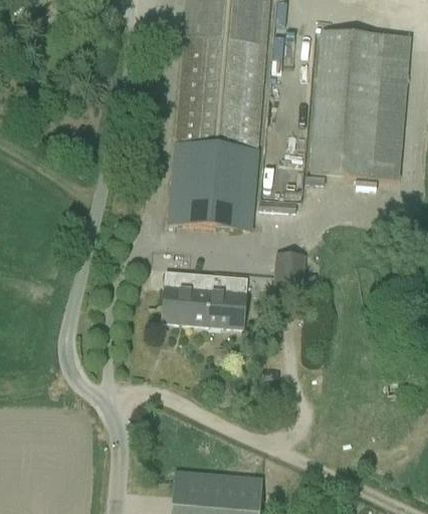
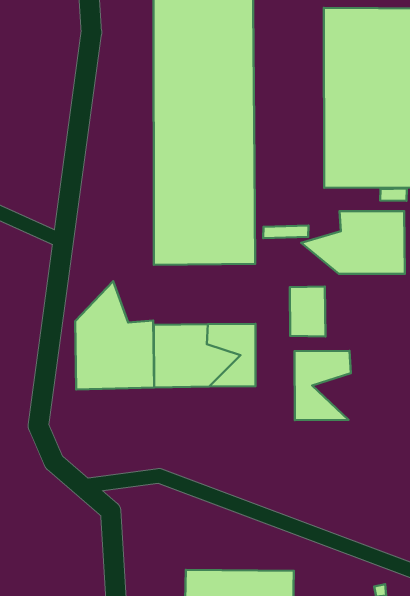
building: none -> [301,211,405,274]
building: none -> [75,281,154,390]
building: none -> [294,351,351,420]

